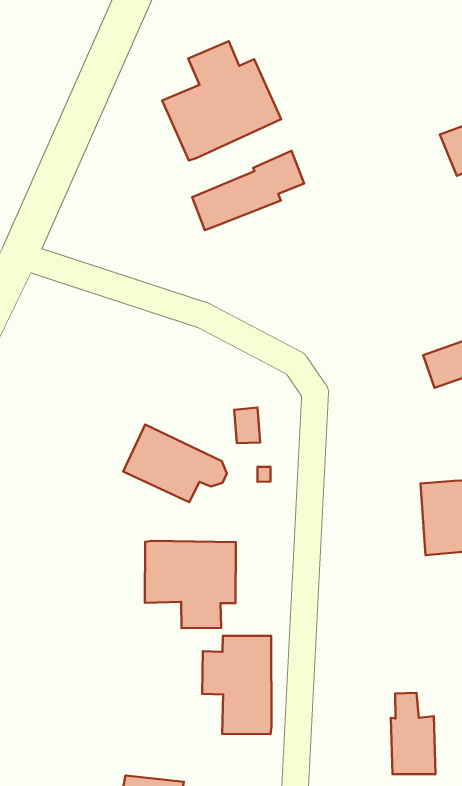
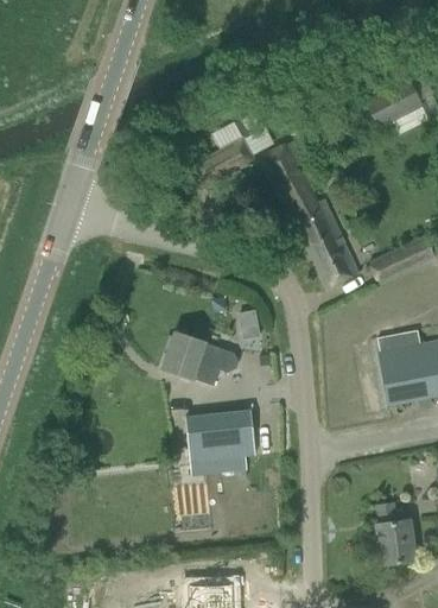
building: [162,41,281,160] -> none
building: none -> [260,140,357,286]
building: [202,636,271,734] -> none

